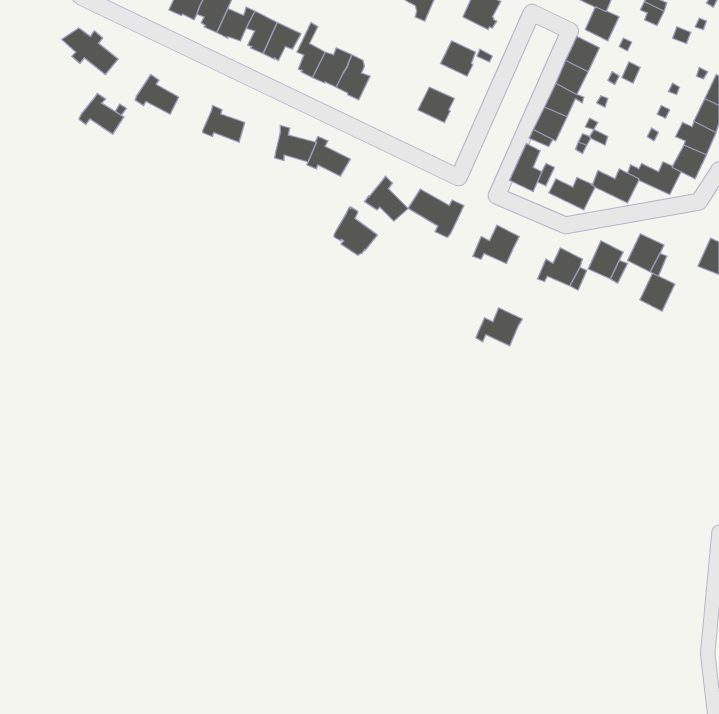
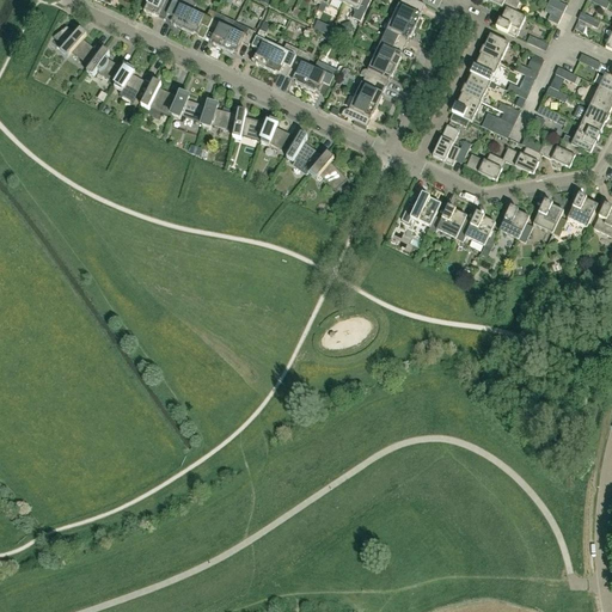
building: none -> [384,14,415,44]
building: none -> [360,54,397,84]
building: none -> [305,65,337,93]
building: none -> [141,78,179,111]
building: [79,93,124,134] -> [87,47,126,81]
building: none -> [342,93,378,123]
building: none -> [202,99,238,128]
building: [408,189,464,237] -> none
building: [334,207,377,255] -> [287,130,324,171]
building: [640,273,675,311] -> [568,192,598,225]
building: [476,308,522,346] -> [428,204,467,237]

